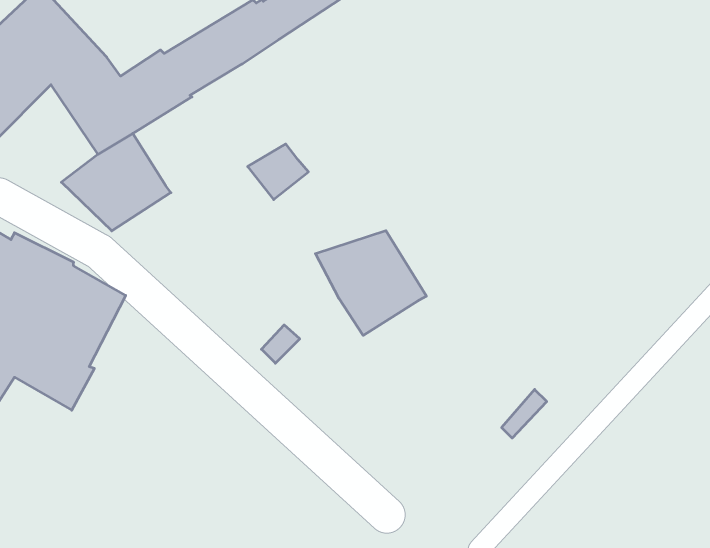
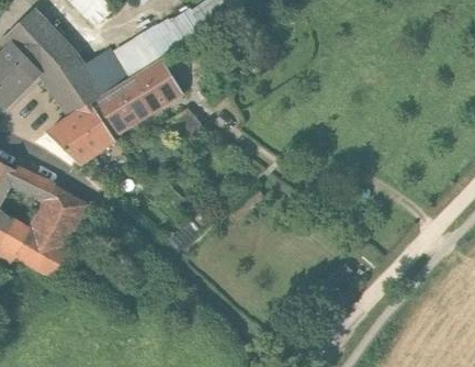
building: none -> [91,58,181,135]
building: [315,231,426,335] -> none

